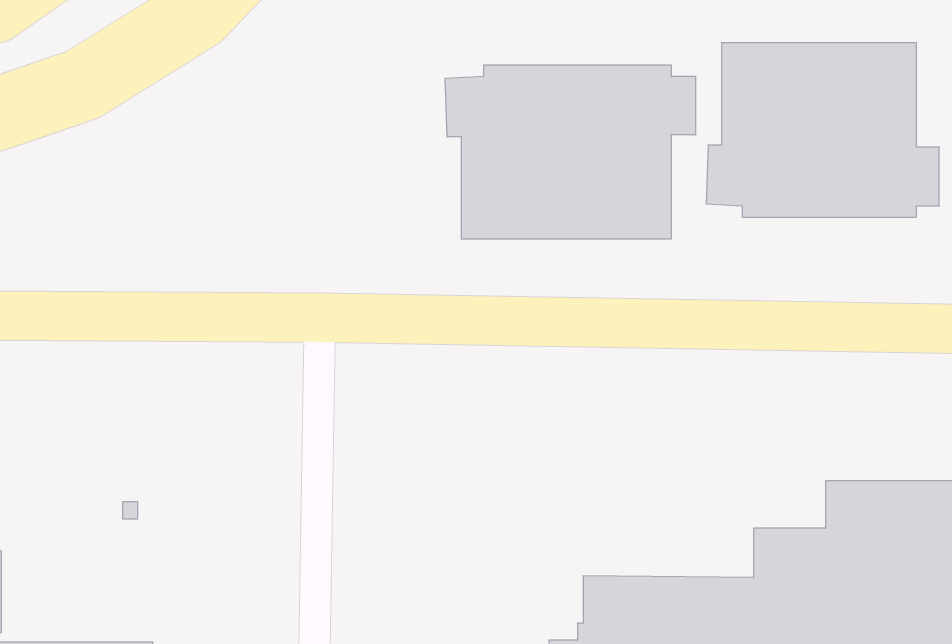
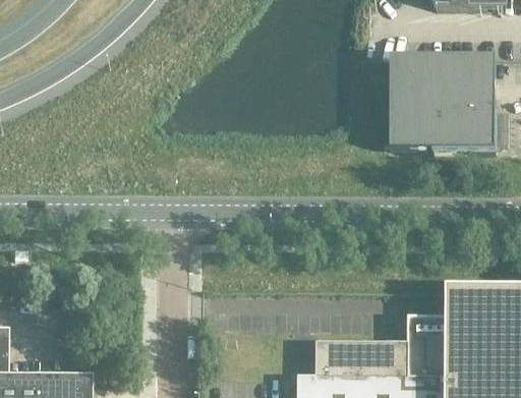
building: [445,65,695,239] -> none

